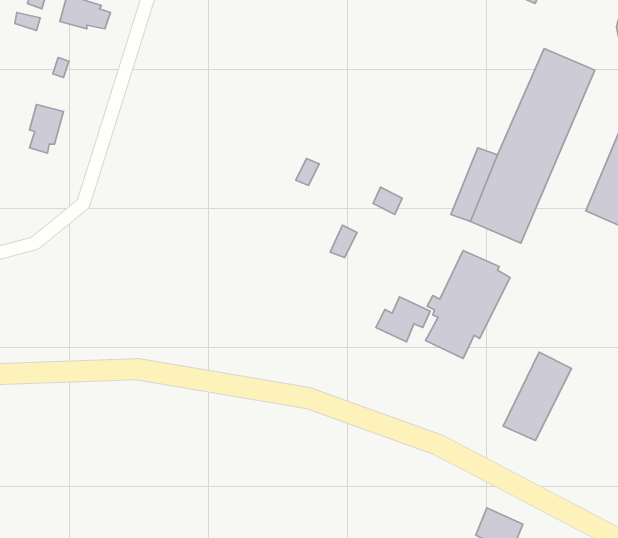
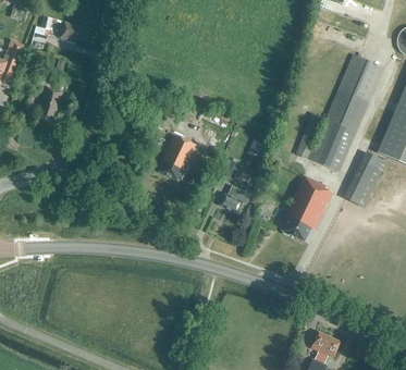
building: none -> [159,134,197,180]
building: [376,297,430,342] -> [220,185,253,212]
building: [503,352,572,440] -> [345,152,386,206]

